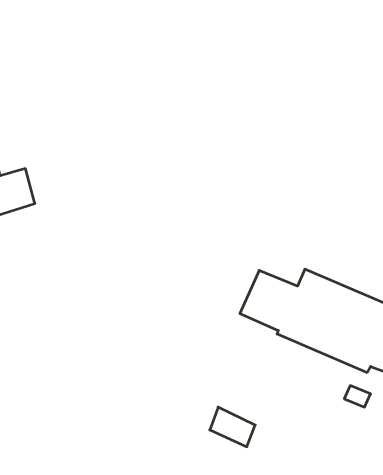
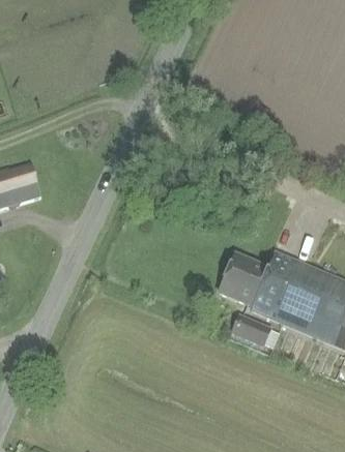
building: [210,407,255,447] -> [232,313,271,348]

